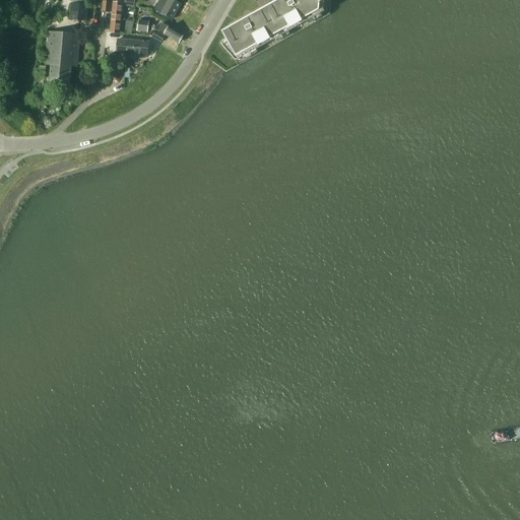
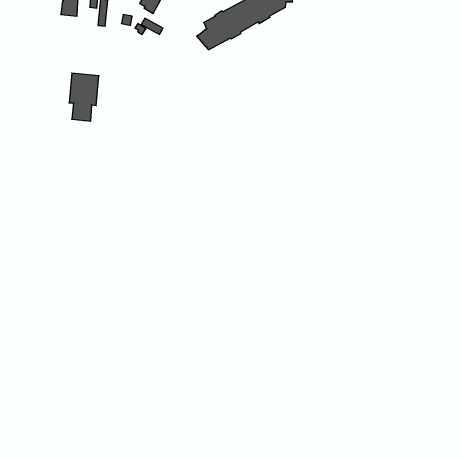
building: [45,27,78,81] -> [69,73,99,121]
building: [116,36,147,53] -> none

